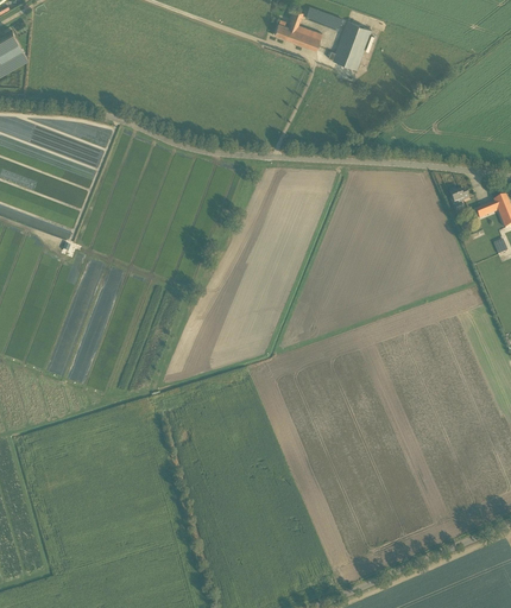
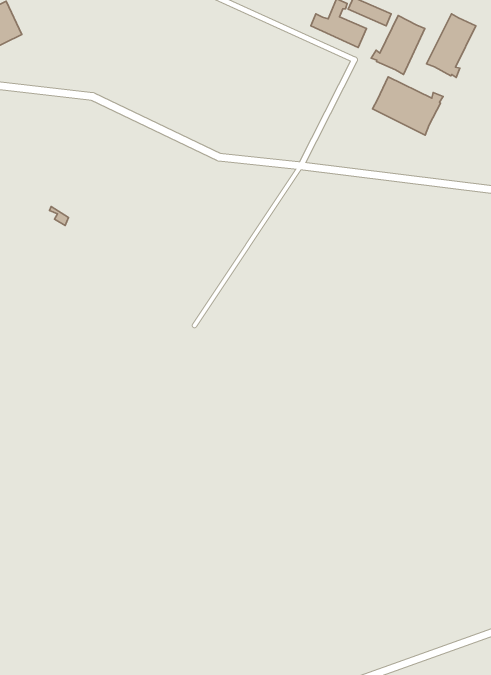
building: none -> [426,14,476,78]
building: none -> [373,77,443,135]

